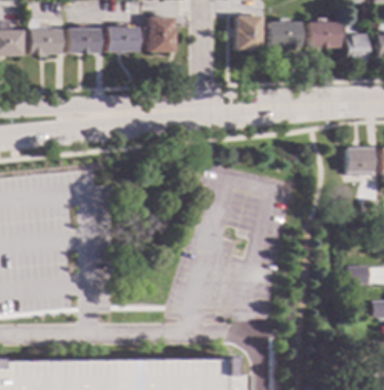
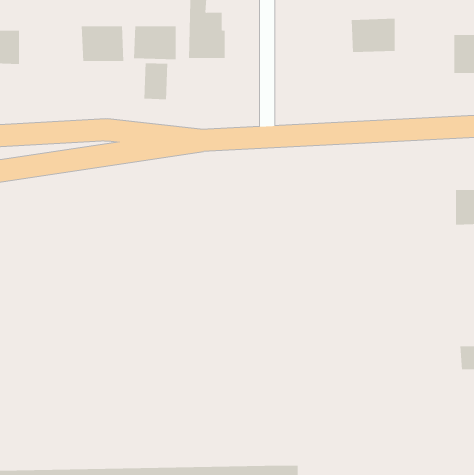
building: [235,16,262,51] -> none
building: [30,19,61,54] -> none
building: [309,20,341,47] -> none
building: none -> [144,62,168,100]

